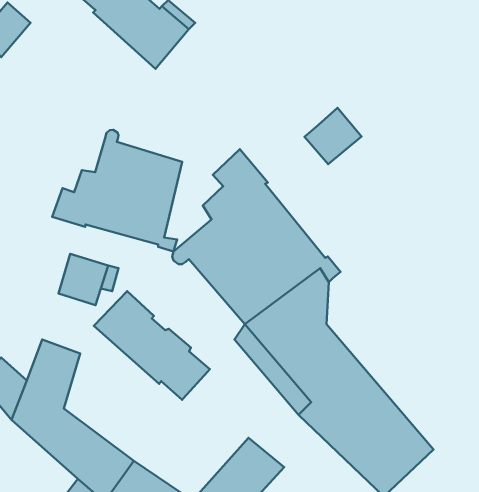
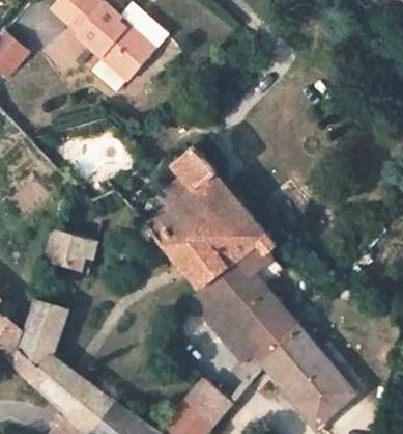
building: [304,108,362,164] -> none
building: [52,130,182,251] -> none
building: [94,291,210,400] -> none

